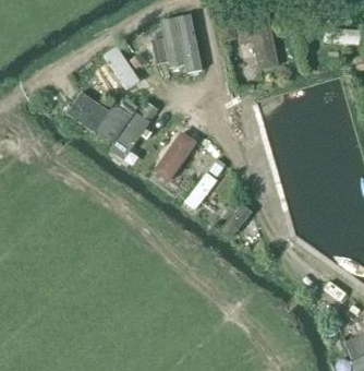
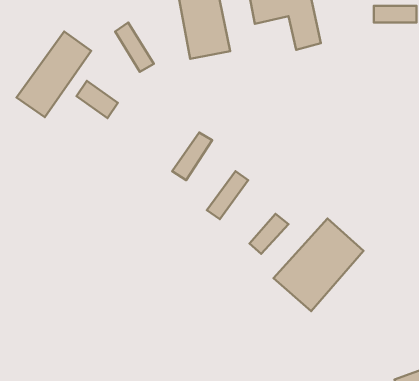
building: none -> [17,31,91,117]
building: [109,116,146,159] -> none
building: none -> [274,219,364,311]

